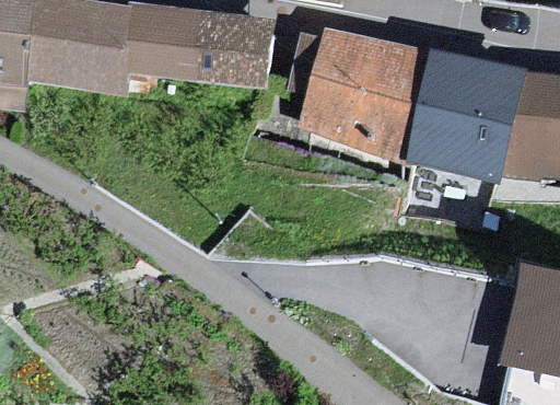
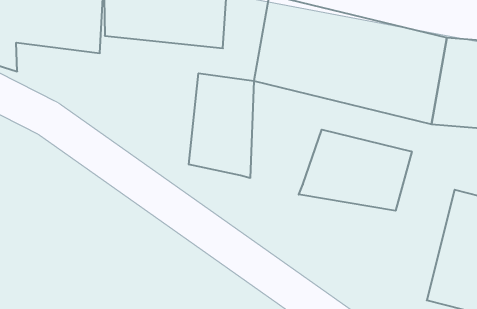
building: none -> [189,73,254,178]
building: none -> [299,130,412,211]

